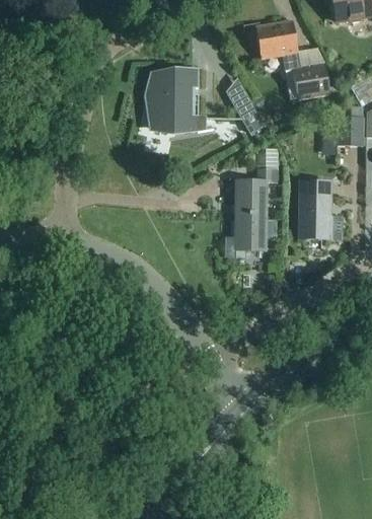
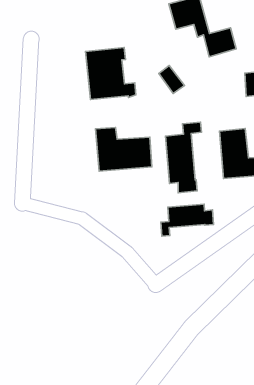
building: none -> [95,127,152,171]
building: none -> [161,204,214,236]

